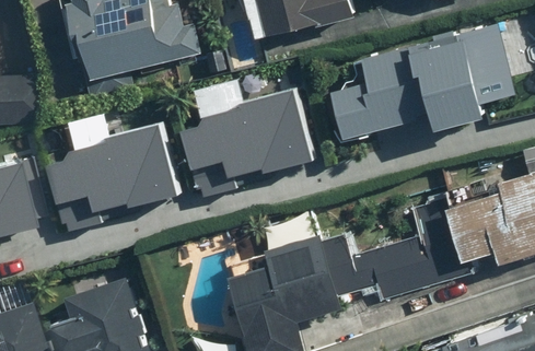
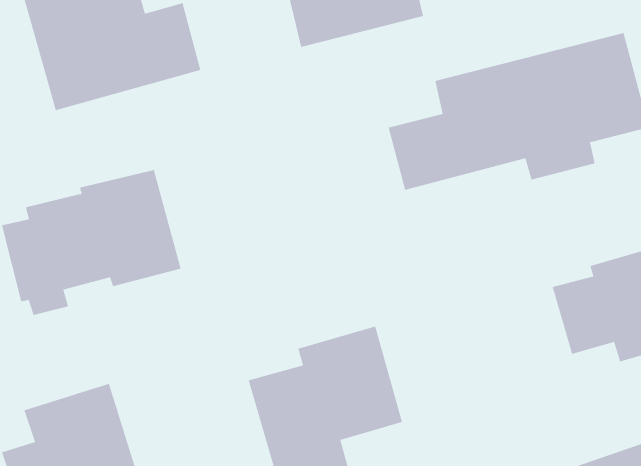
building: [179,91,315,197] -> none
building: [326,202,456,296] -> none

